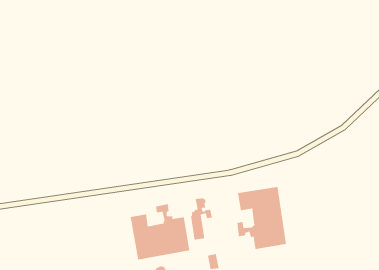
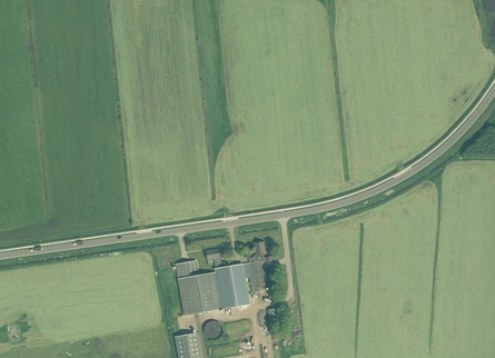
building: [237,186,287,250] -> none

